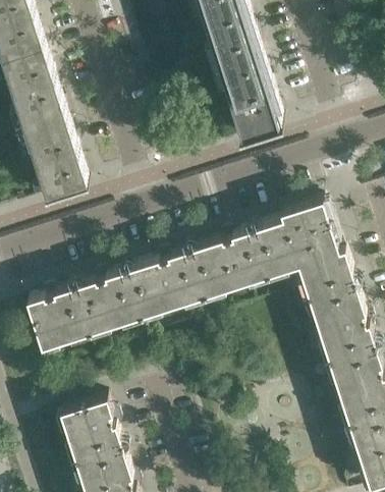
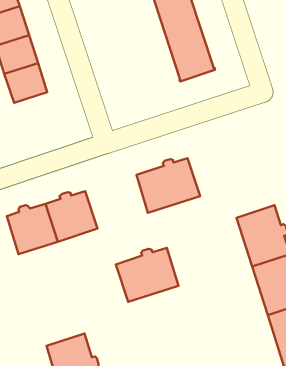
building: [36,152,89,201] -> none
building: [250,204,356,307] -> none
building: [123,254,201,320] -> [116,248,178,302]
building: [60,400,122,464] -> none

